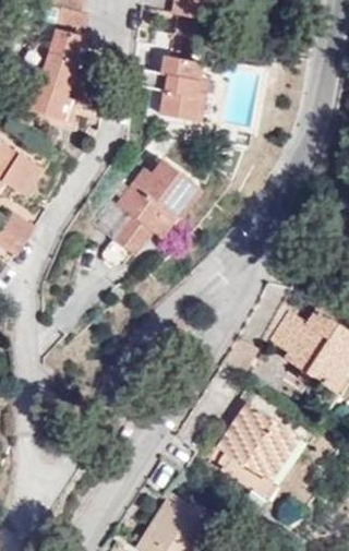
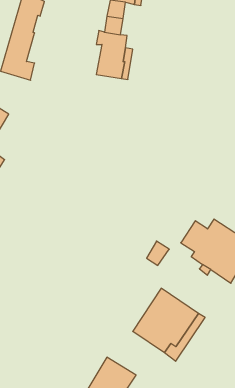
building: [93,159,200,255] -> none

